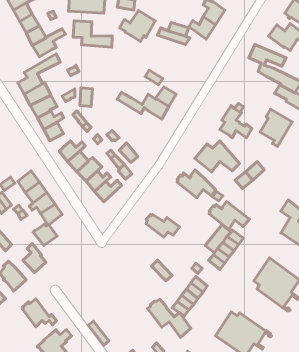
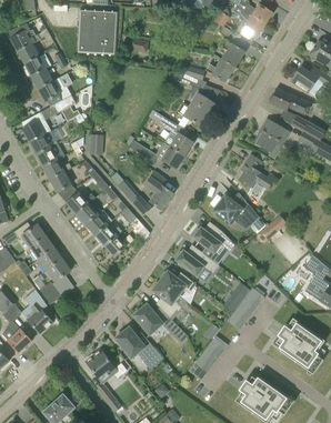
building: [120,11,155,42] -> [177,92,214,125]
building: [73,21,112,47] -> none
building: [260,109,292,147] -> [254,118,289,158]
building: none -> [143,171,172,209]
building: [209,202,249,230] -> [174,245,218,275]
building: none -> [151,280,179,316]
building: none -> [132,303,161,334]
building: [22,299,57,327] -> [84,349,121,379]
building: [147,299,191,338] -> [114,326,161,367]

